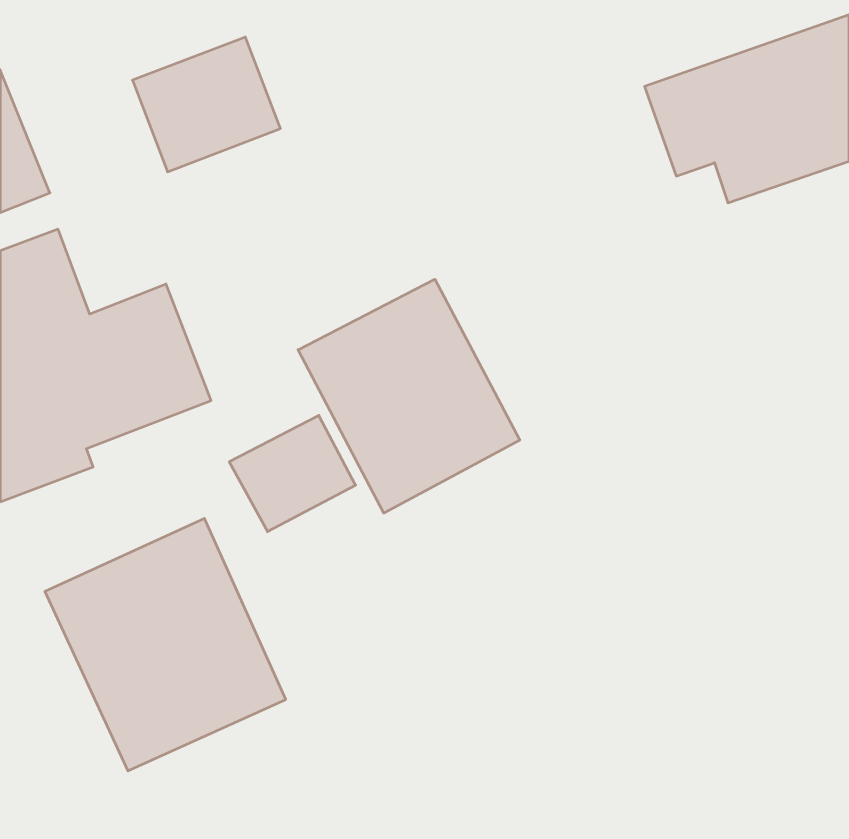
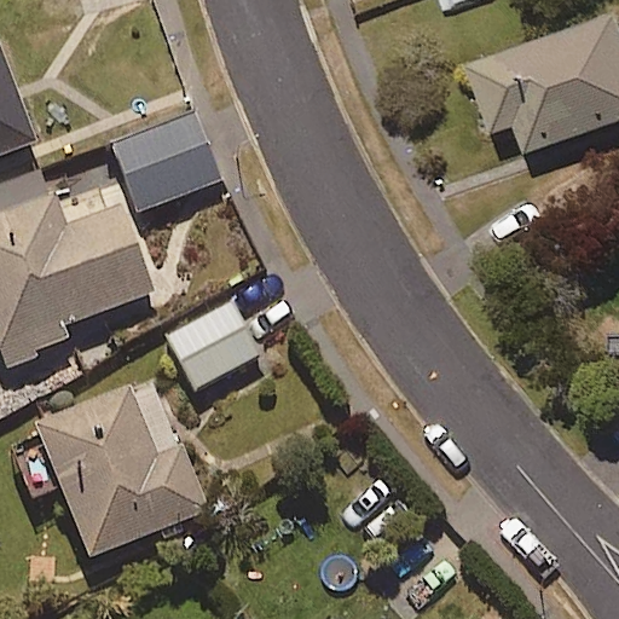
building: [132,37,280,172] -> [112,114,220,212]
building: [298,279,520,513] -> none

